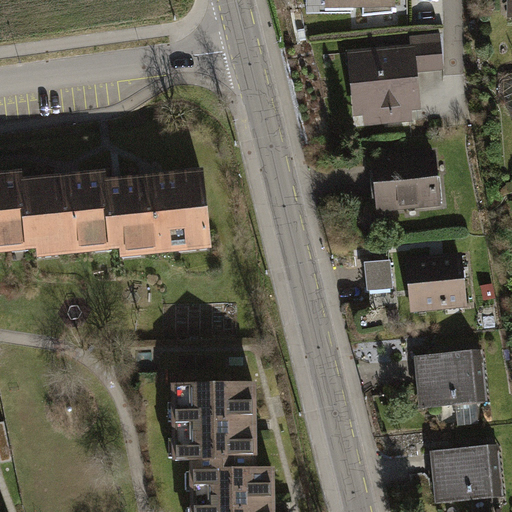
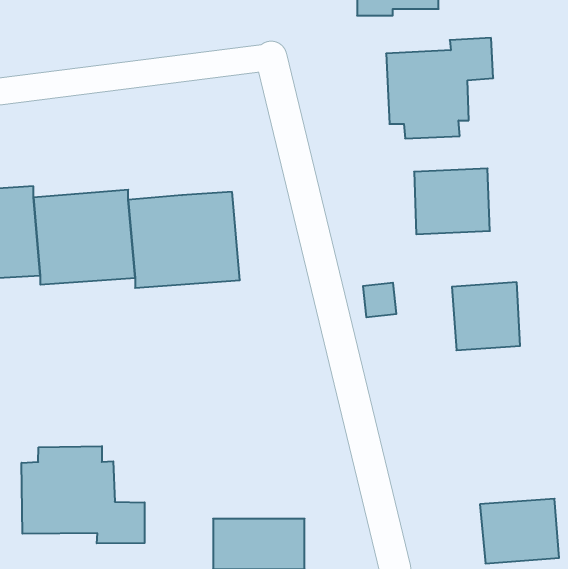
building: [364,258,394,289] -> [363,283,396,317]
building: [414,353,483,407] -> none
building: [169,382,252,466] -> none
building: none -> [22,446,145,543]

